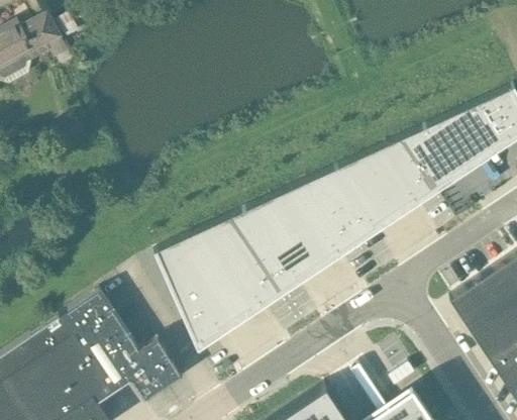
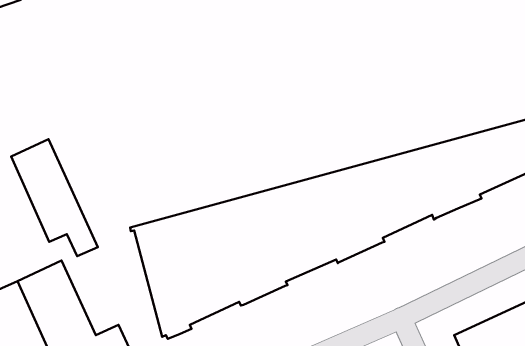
building: none -> [11,139,98,256]

